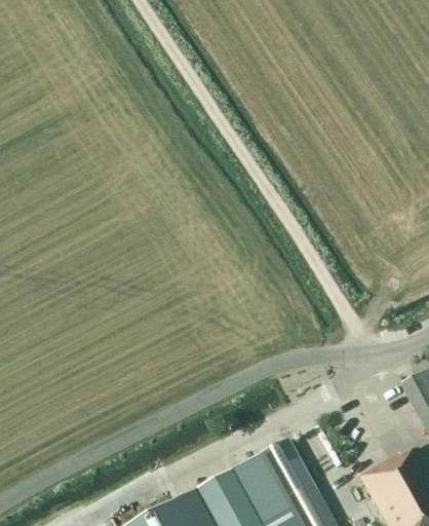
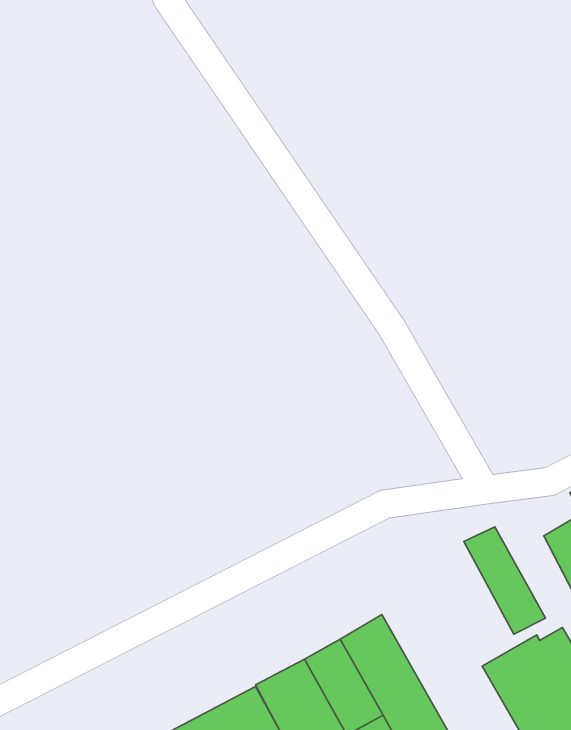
building: none -> [464,527,546,634]

